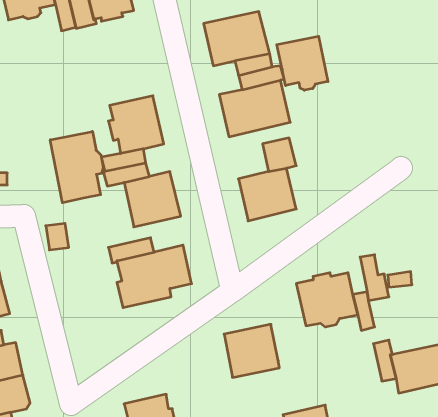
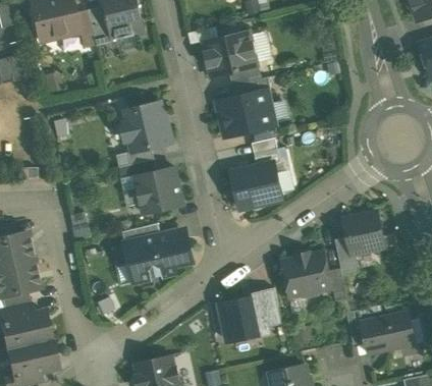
building: [277,36,328,90] -> none
building: [50,131,103,203] -> none
building: none -> [343,213,385,255]
building: none -> [258,288,282,327]

